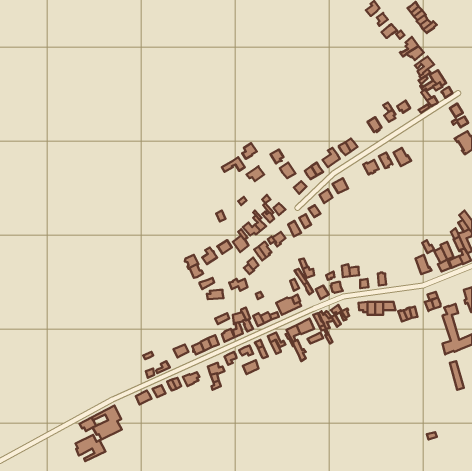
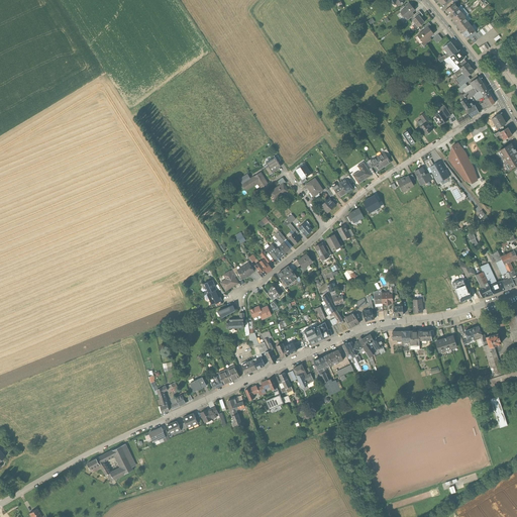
building: none -> [449,142,477,182]
building: [76,435,106,461] -> none

